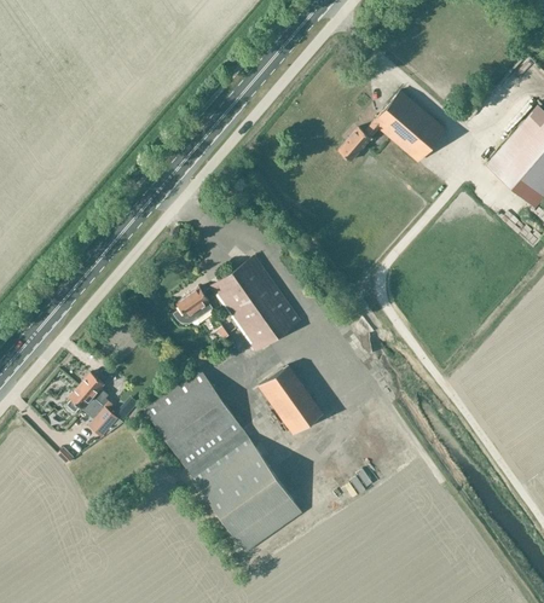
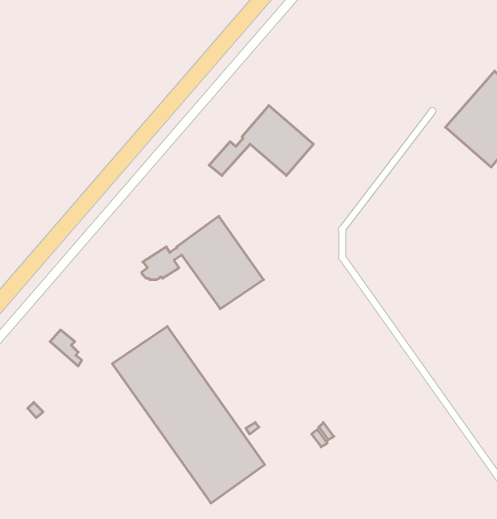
building: [337,91,445,163] -> [209,105,313,176]
building: [257,365,323,435] -> none
building: [66,385,123,437] -> none

